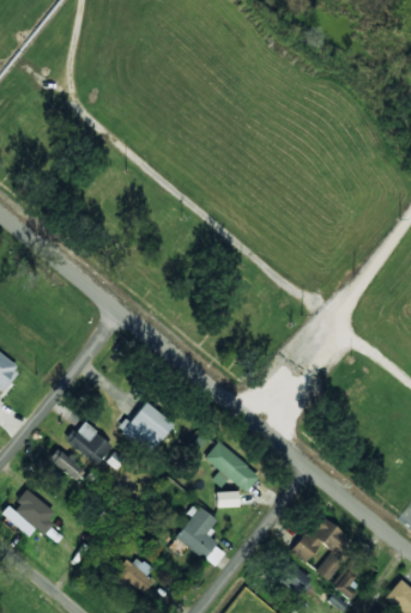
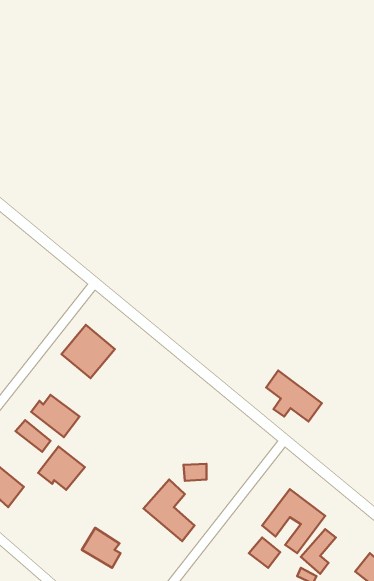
building: [121,401,174,454] -> [61,325,115,378]
building: [205,442,260,492] -> [266,371,322,421]
building: none -> [38,447,85,490]

